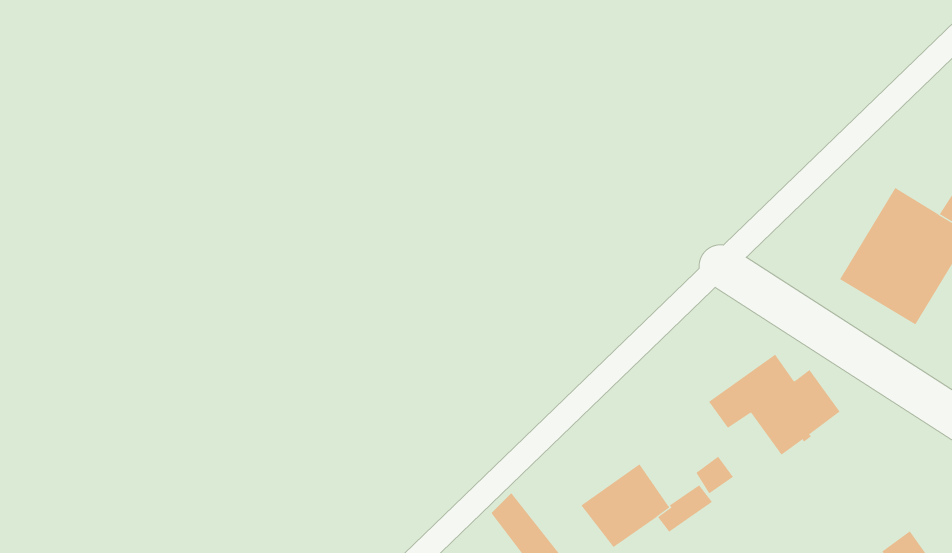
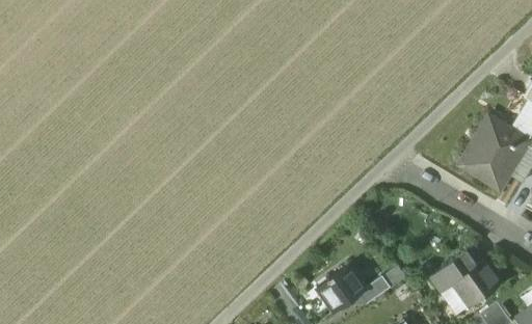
building: [708,354,841,455] -> [429,252,501,307]

